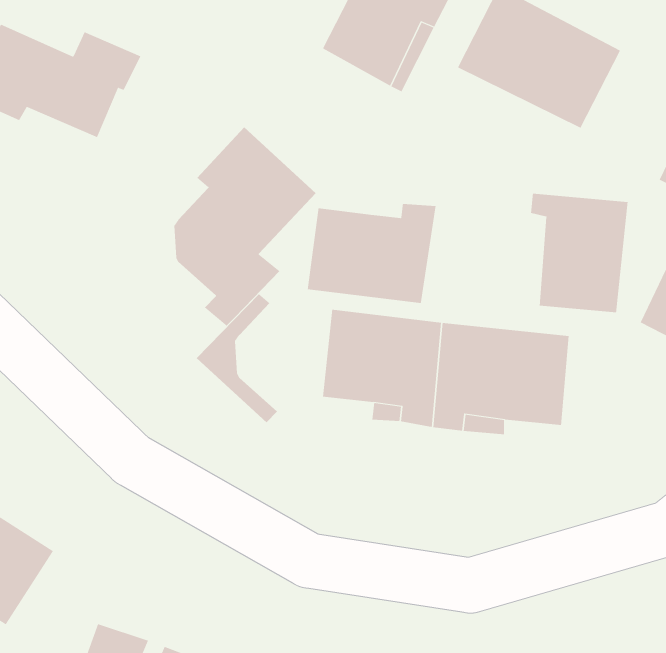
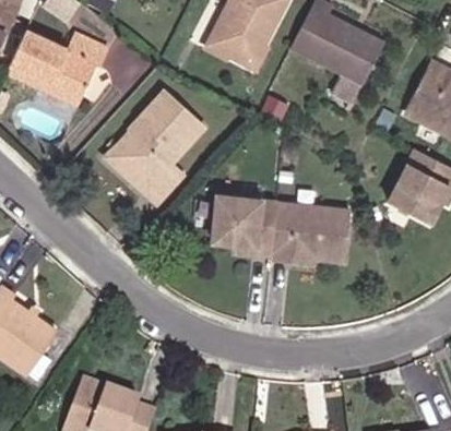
building: [530,193,628,313] -> none
building: [307,203,436,304] -> none
building: [196,294,278,423] -> [108,119,155,193]

